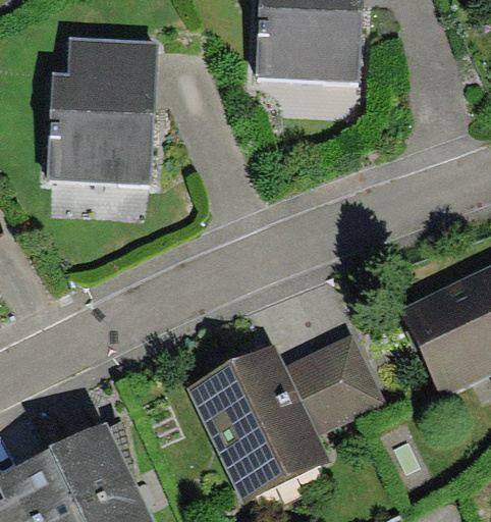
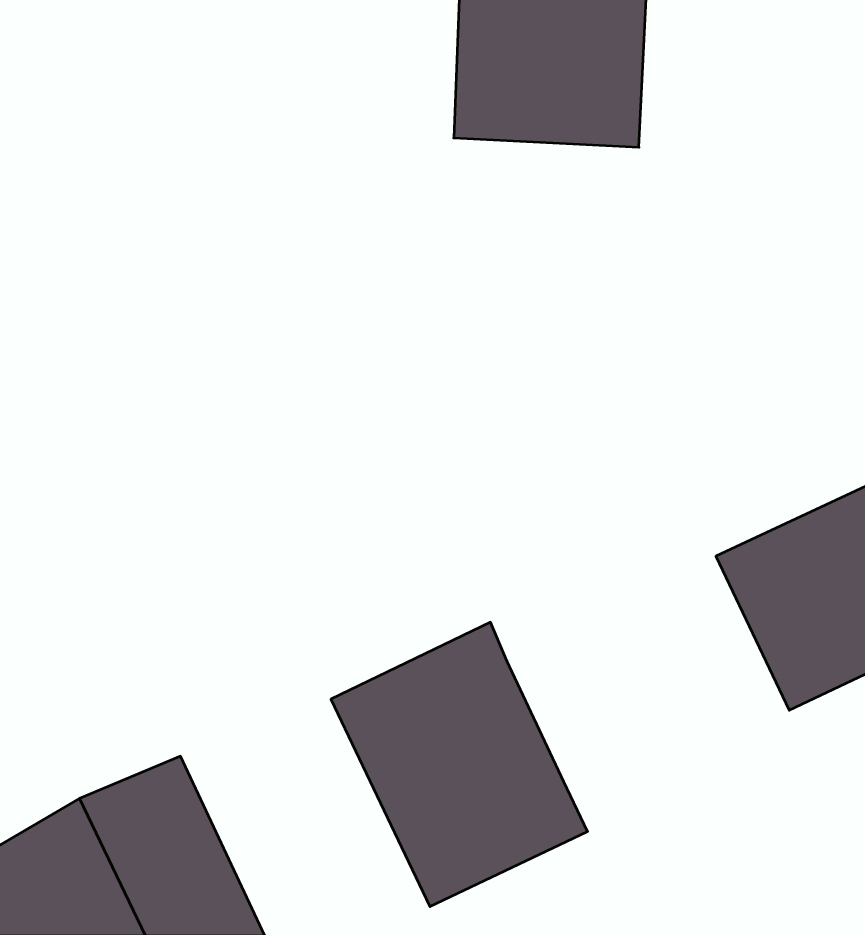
building: [46,38,158,186] -> none
building: [285,334,387,435] -> none

